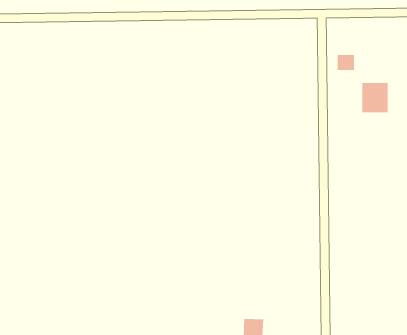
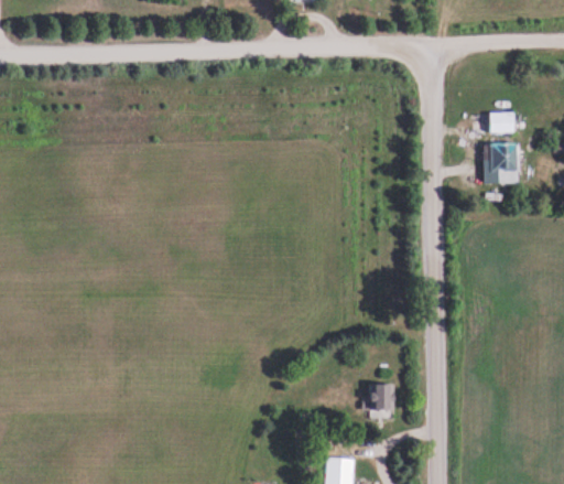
building: [337,55,355,70] -> [490,112,514,133]
building: none -> [370,385,394,410]

